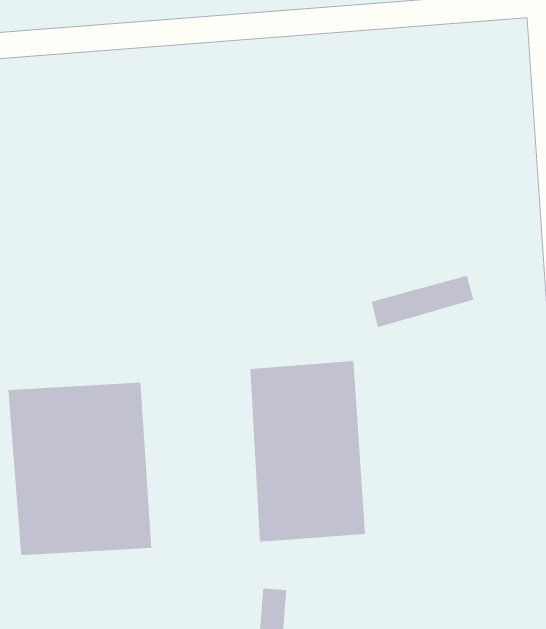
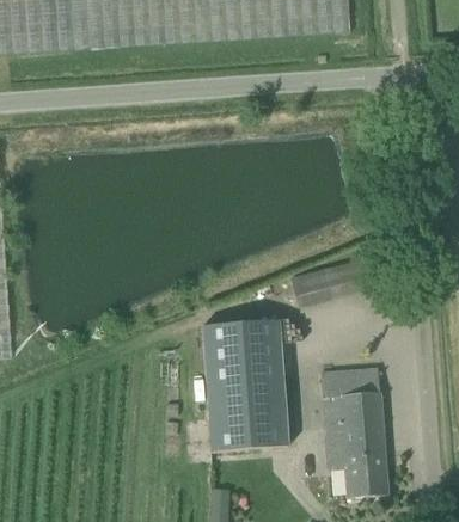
building: [8,382,152,556] -> none
building: none -> [319,368,386,498]

